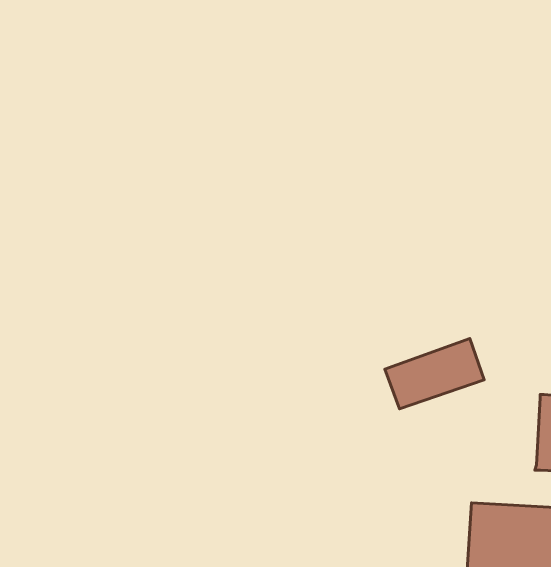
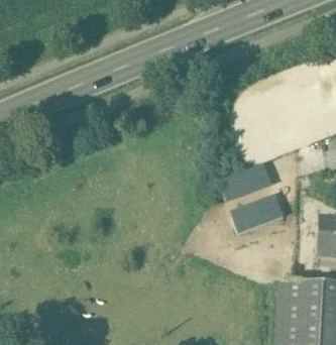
building: none -> [220,165,274,200]

